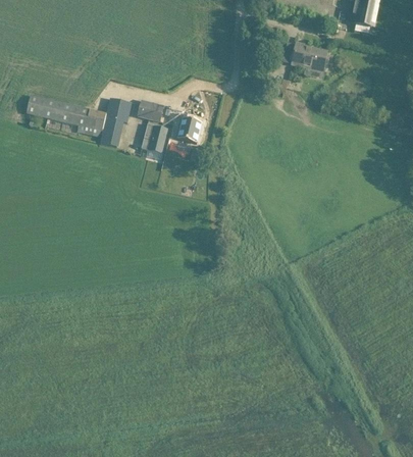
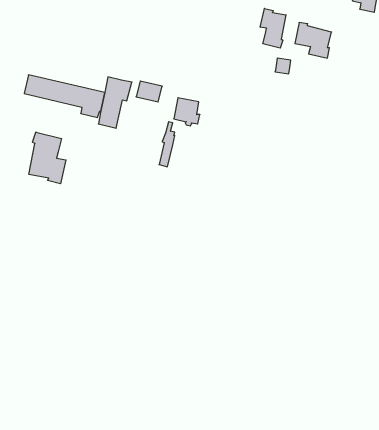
building: none -> [260,8,286,48]
building: [143,123,168,153] -> none
building: none -> [29,132,66,184]

